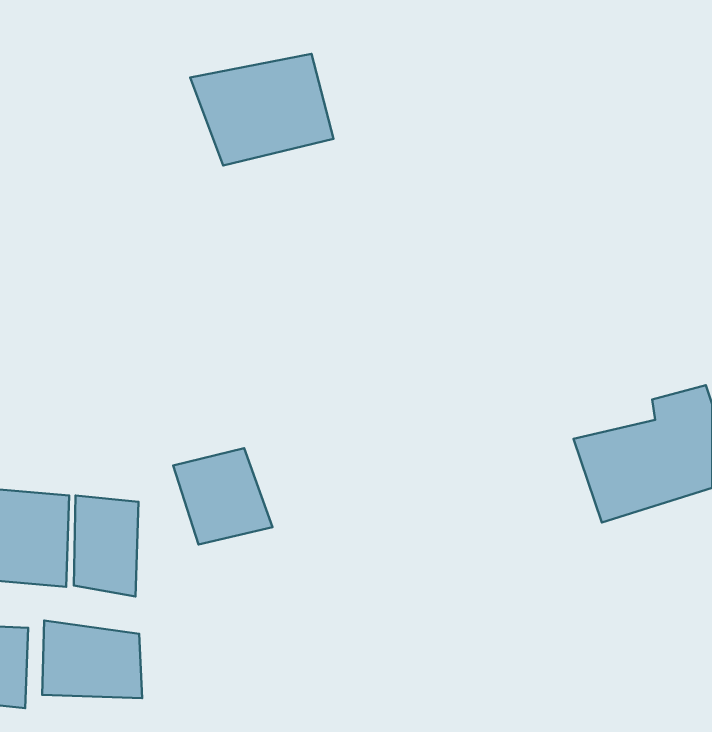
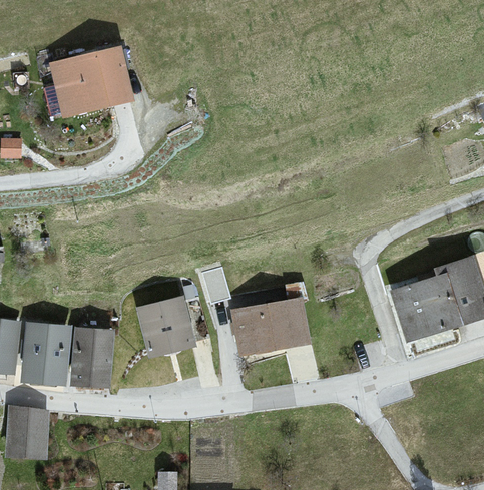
building: [190,54,334,166] -> [47,47,138,118]
building: none -> [228,298,311,353]
building: [42,621,142,698] -> none

